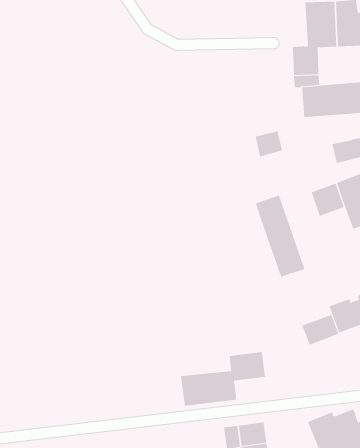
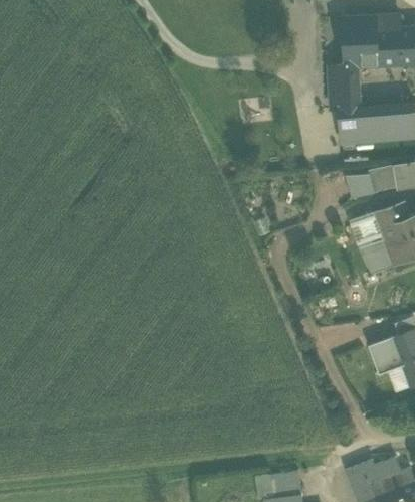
building: [255,131,283,157] -> [347,171,377,199]
building: [255,194,305,278] -> none
building: none -> [362,239,395,273]
building: [302,314,339,345] -> none
building: [181,351,265,406] -> none

